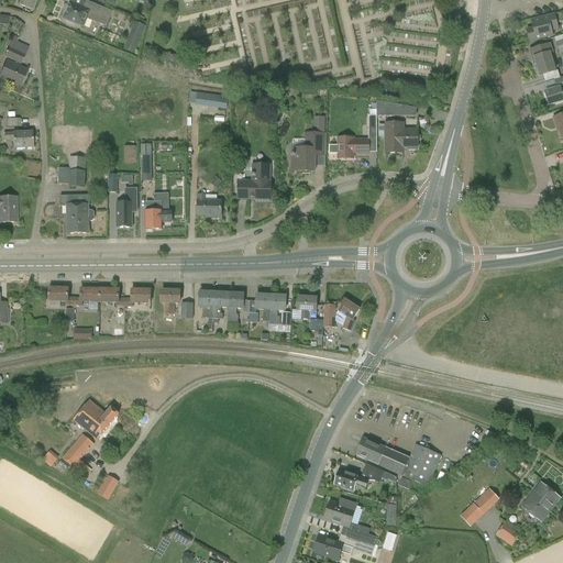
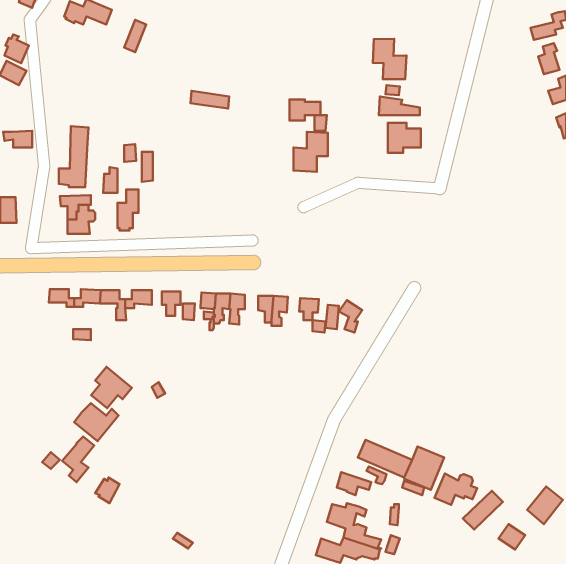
building: none -> [373,39,406,79]
building: [338,136,368,157] -> [289,99,320,121]
building: [238,163,273,198] -> none
building: [145,192,162,228] -> none
building: [197,192,221,216] -> none
building: none -> [91,367,132,408]
building: none -> [435,473,477,505]

